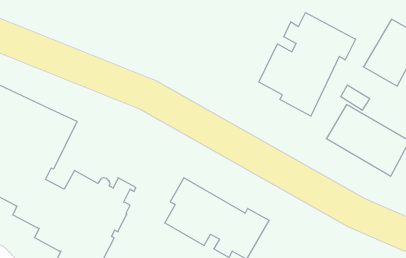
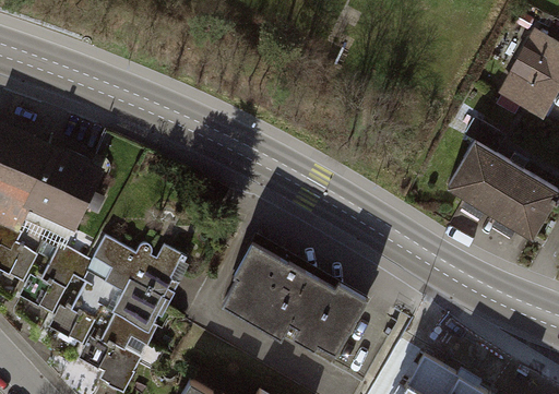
building: [259,13,356,116] -> none

